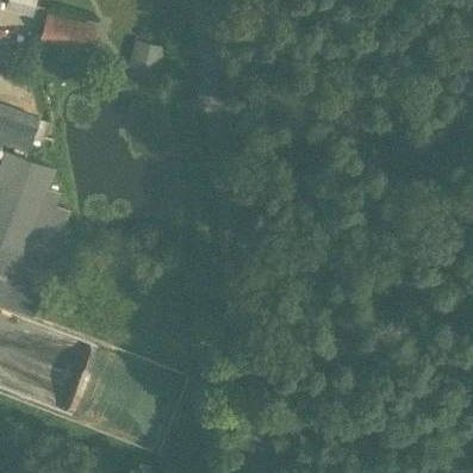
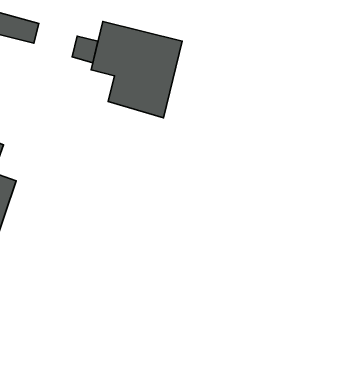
building: none -> [91,21,182,118]

